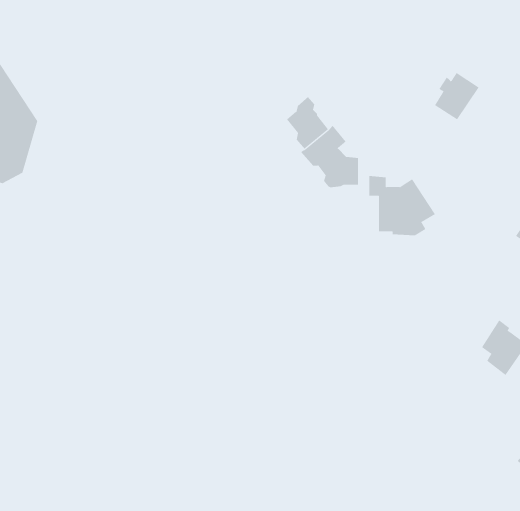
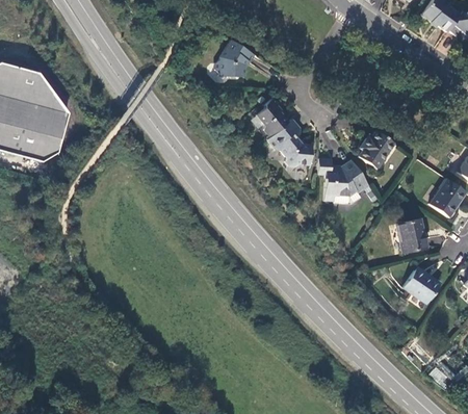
building: none -> [214,40,255,76]
building: [434,72,480,120] -> [360,131,394,167]
building: none -> [398,218,426,253]

